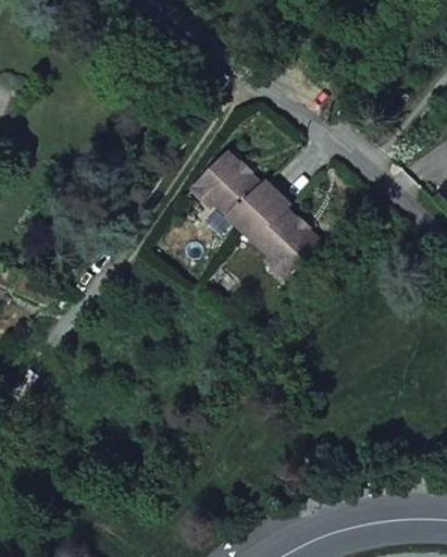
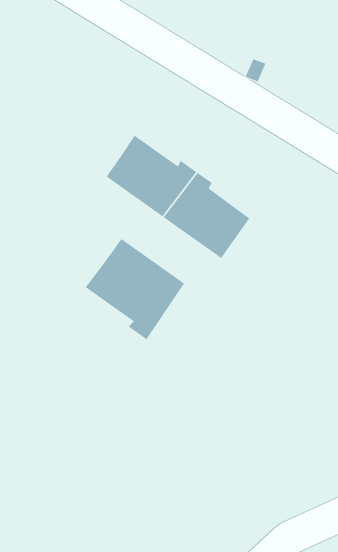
building: none -> [85,238,185,340]

